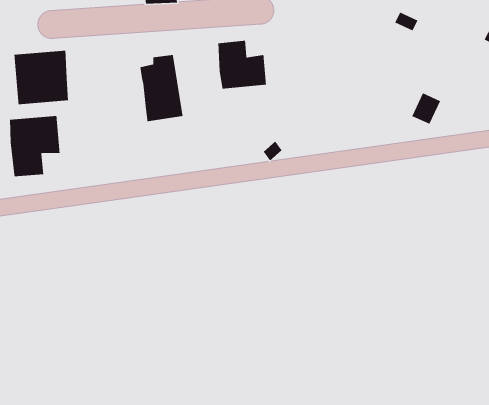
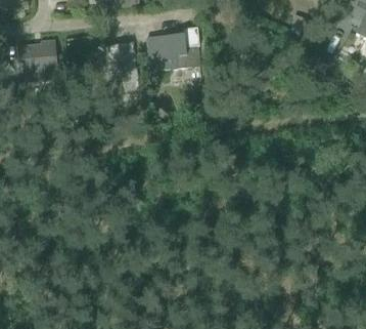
building: [9,115,60,177] -> none

